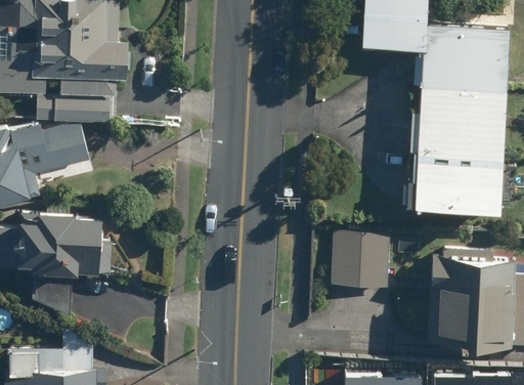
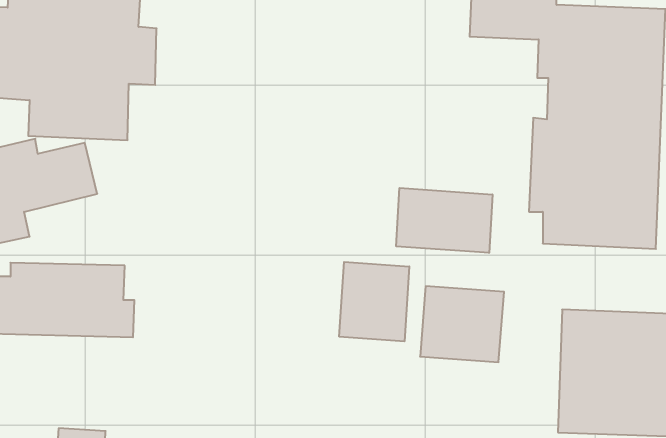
building: none -> [396,188,492,253]
building: none -> [339,262,409,341]

